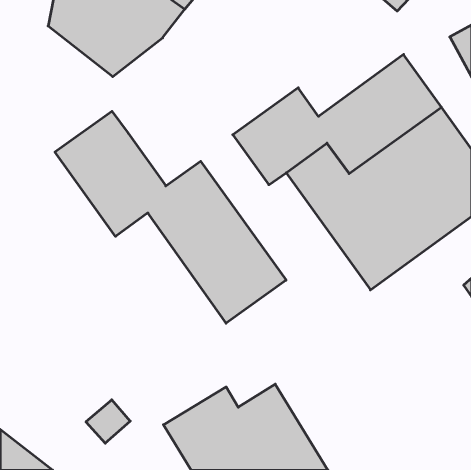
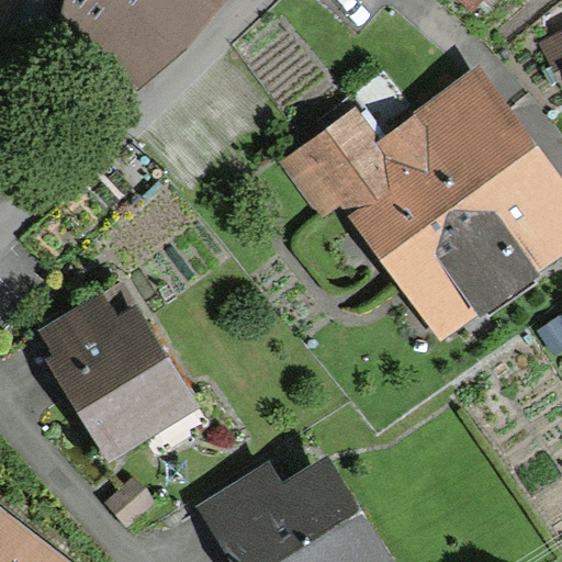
building: [55,111,286,323] -> none
building: none -> [37,291,199,464]

